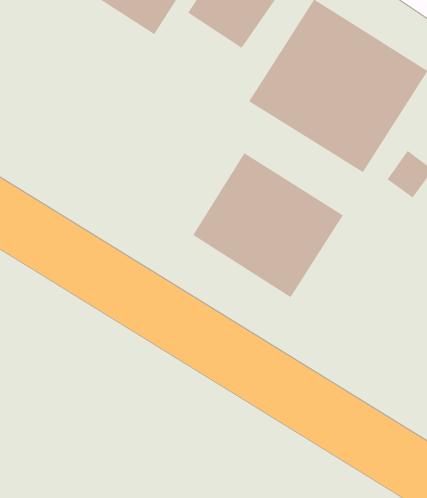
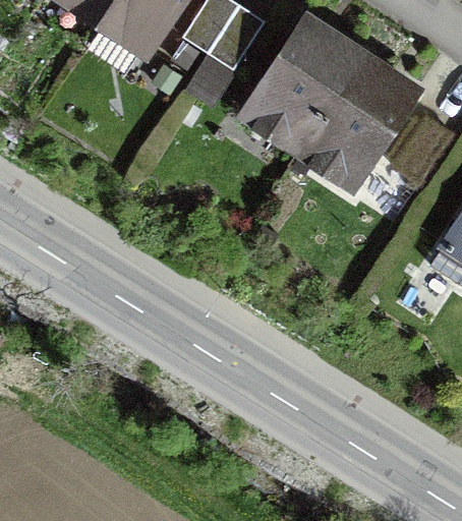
building: [192,152,344,298] -> none

